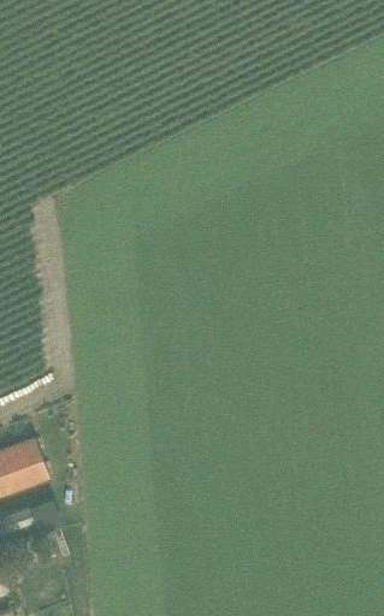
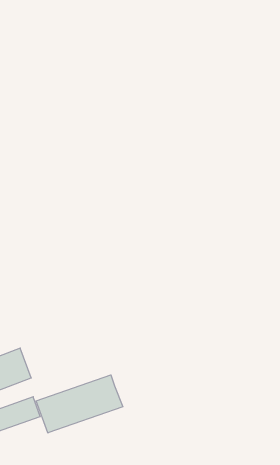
building: none -> [36,375,123,433]

